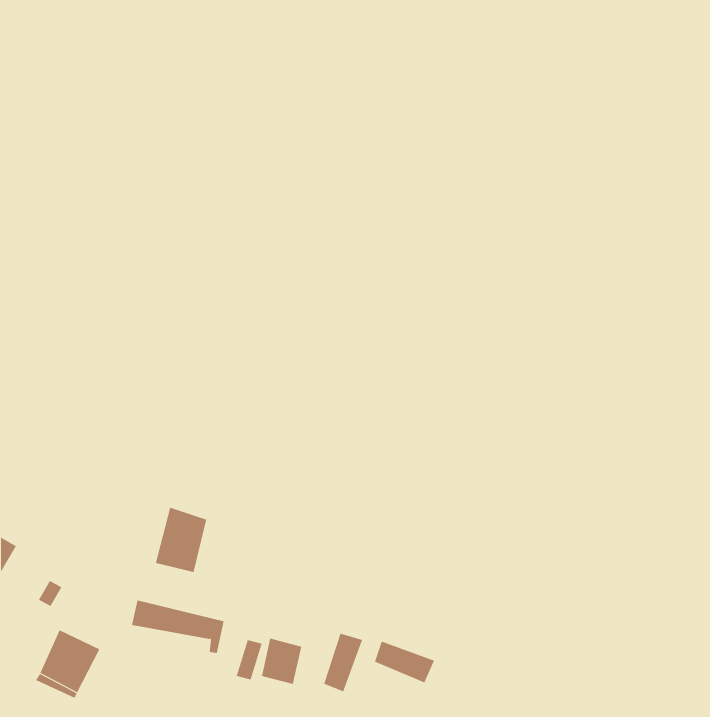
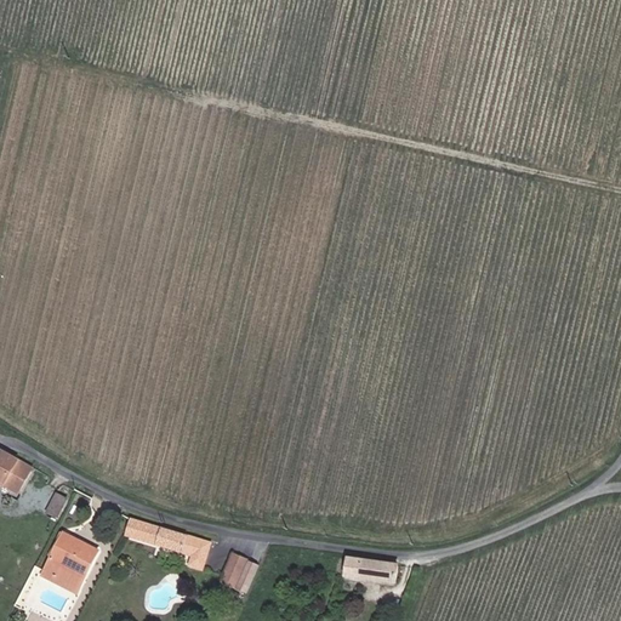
building: [155,507,207,573] -> none
building: [324,633,363,692] -> none

